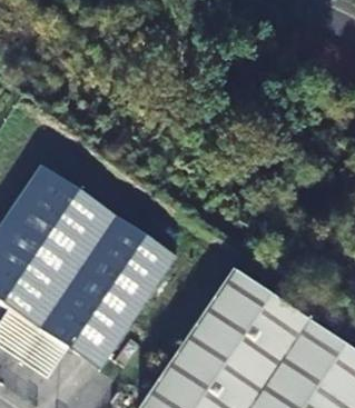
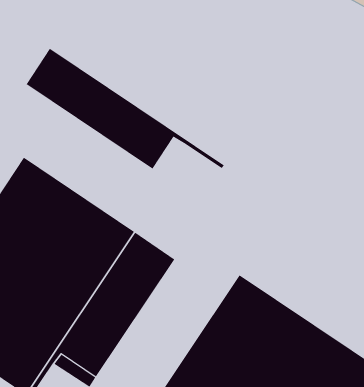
building: none -> [26,48,225,169]

